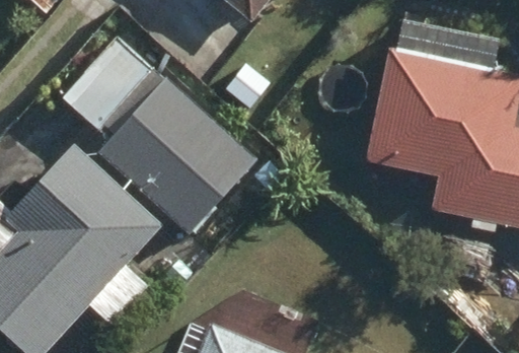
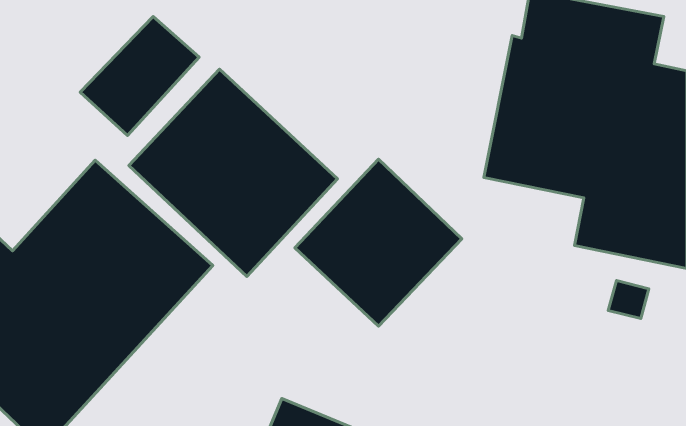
building: none -> [295,159,462,326]

